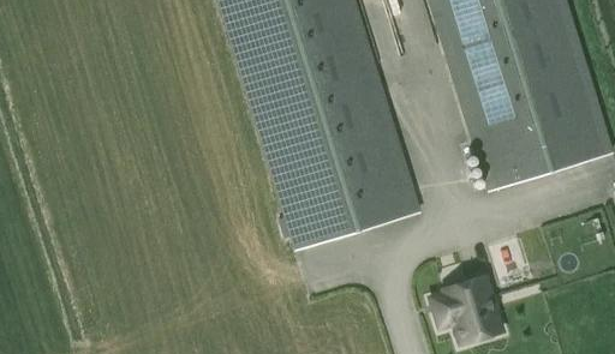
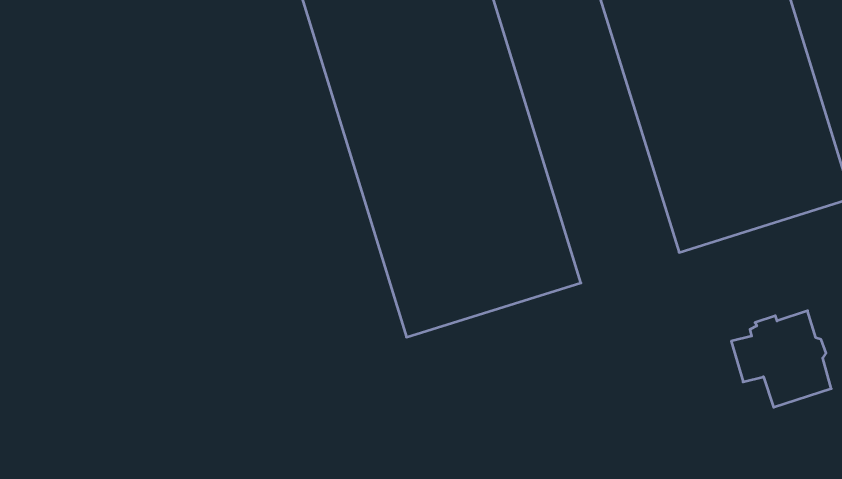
building: [431,275,502,343] -> [731,311,831,407]

